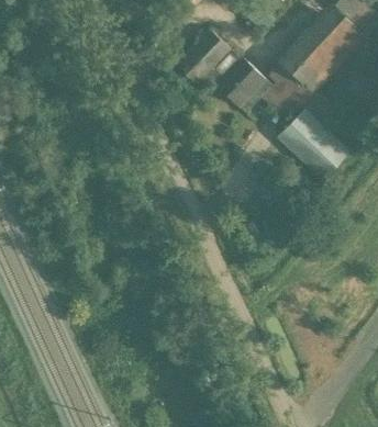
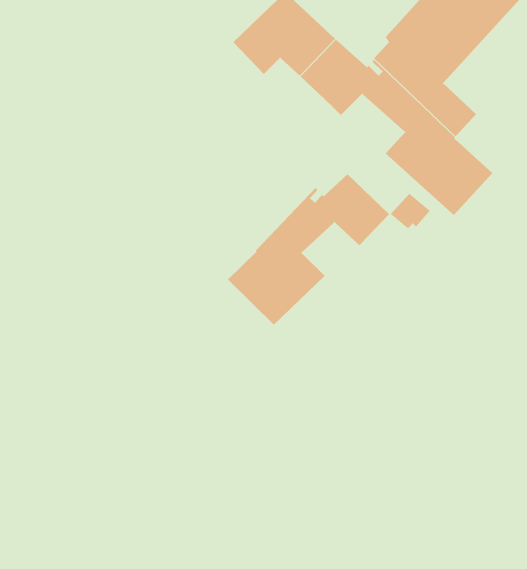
building: none -> [227,173,390,326]

